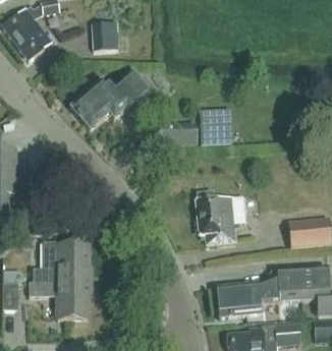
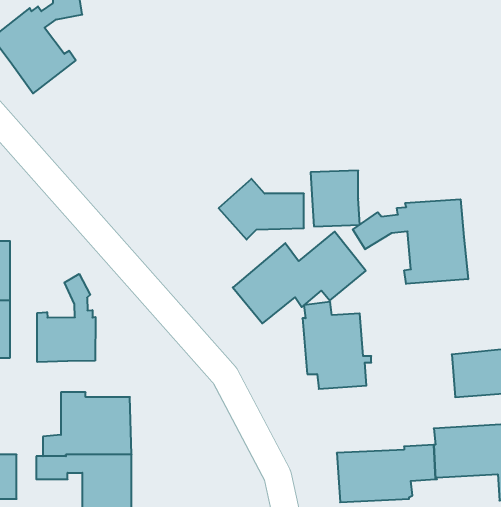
building: [92,20,119,49] -> none
building: [72,73,155,130] -> [233,232,366,323]
building: none -> [353,199,468,284]
building: none -> [37,274,95,362]

